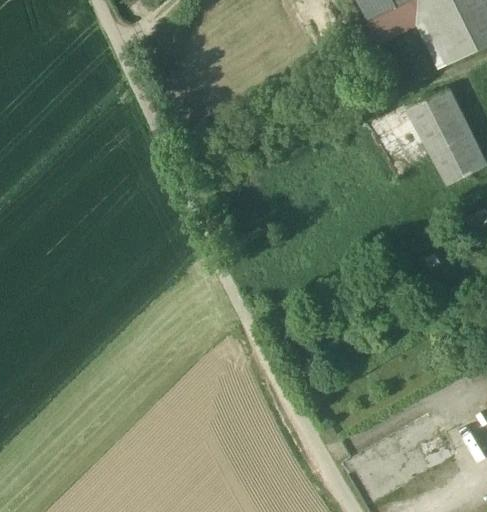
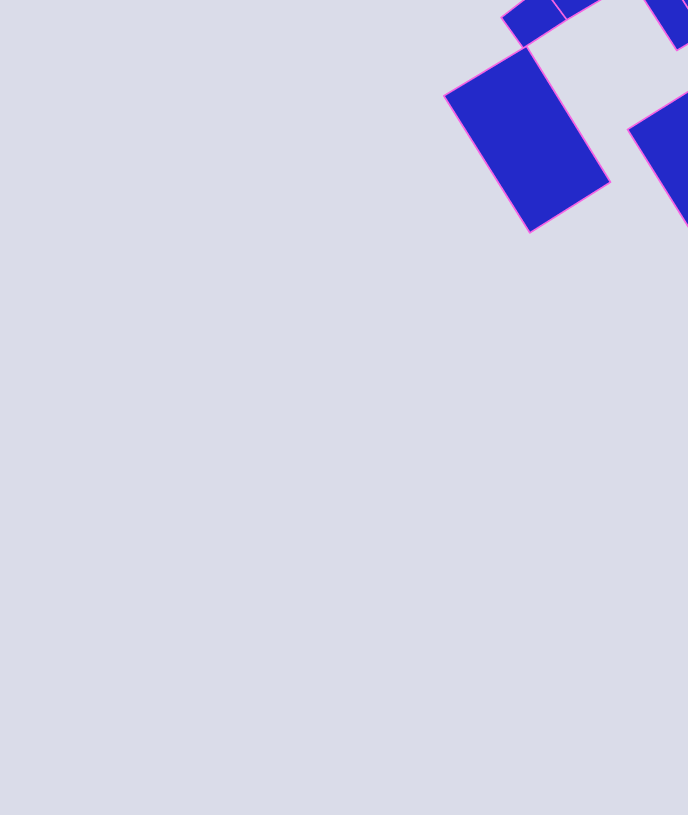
building: none -> [444,46,611,233]

